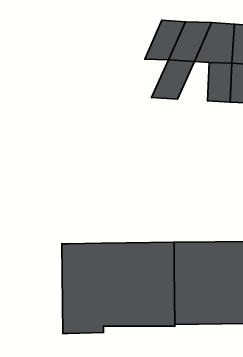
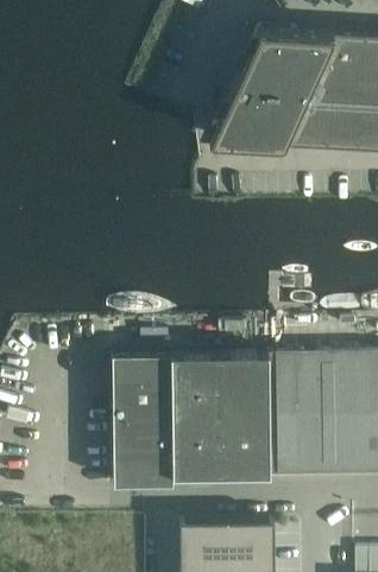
building: none -> [208,87,267,142]
building: none -> [281,90,327,147]

